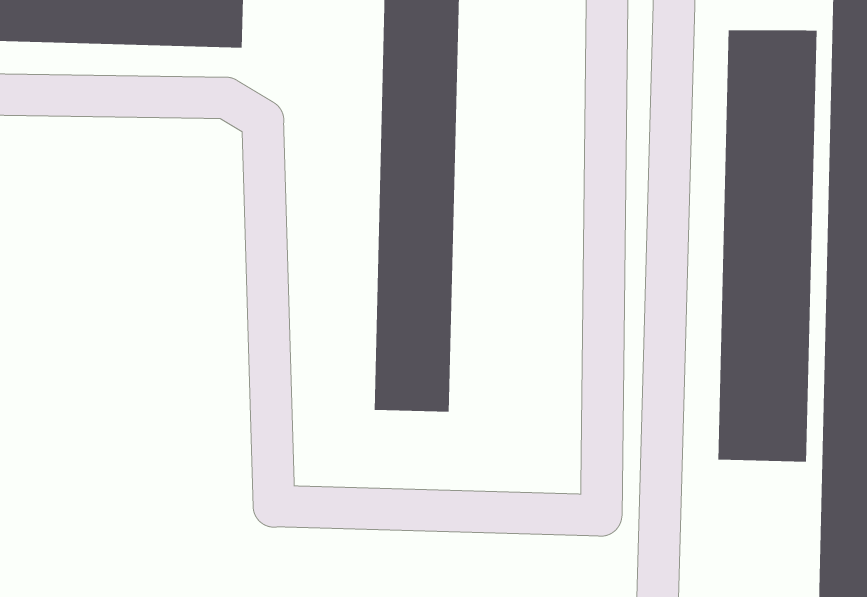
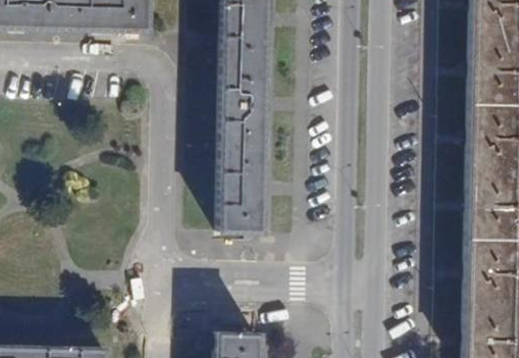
building: [718,29,817,462] -> none

